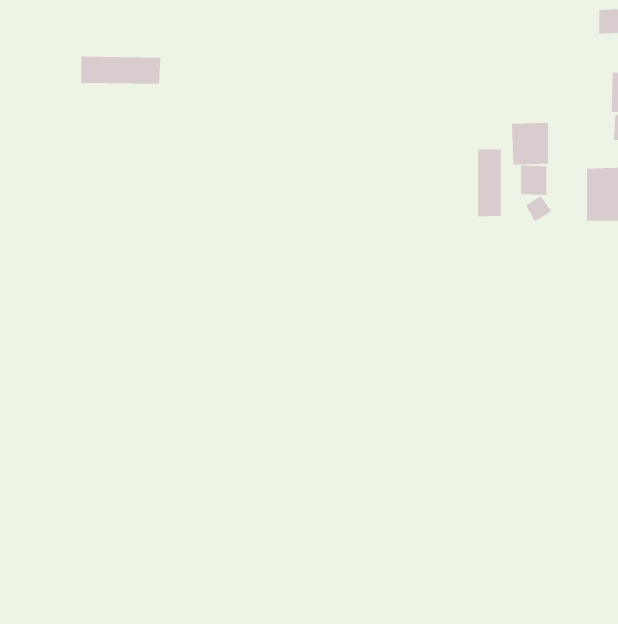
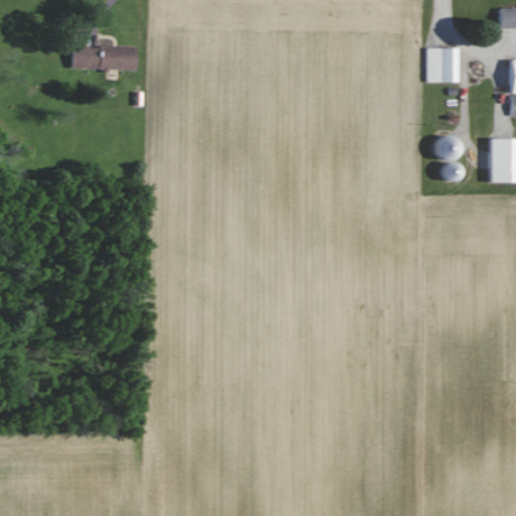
building: [511,122,549,165] -> [427,47,459,83]
building: [478,148,501,217] -> none

